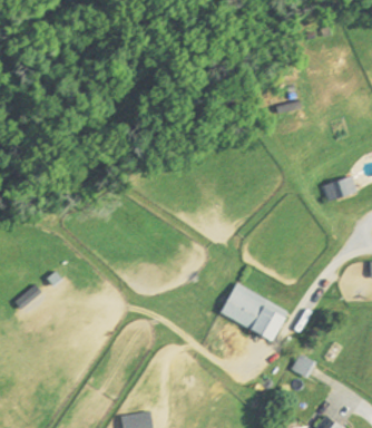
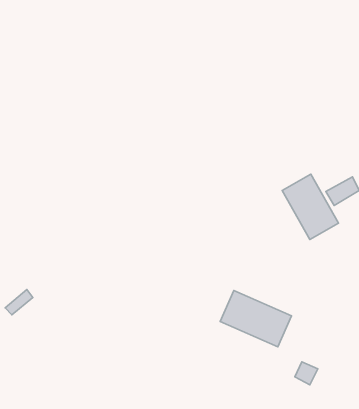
building: none -> [282,174,339,240]

